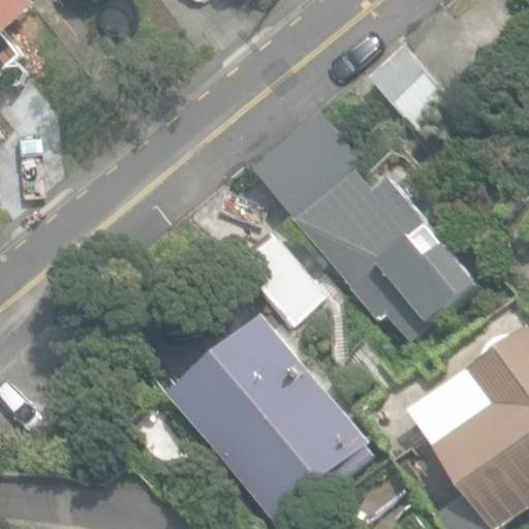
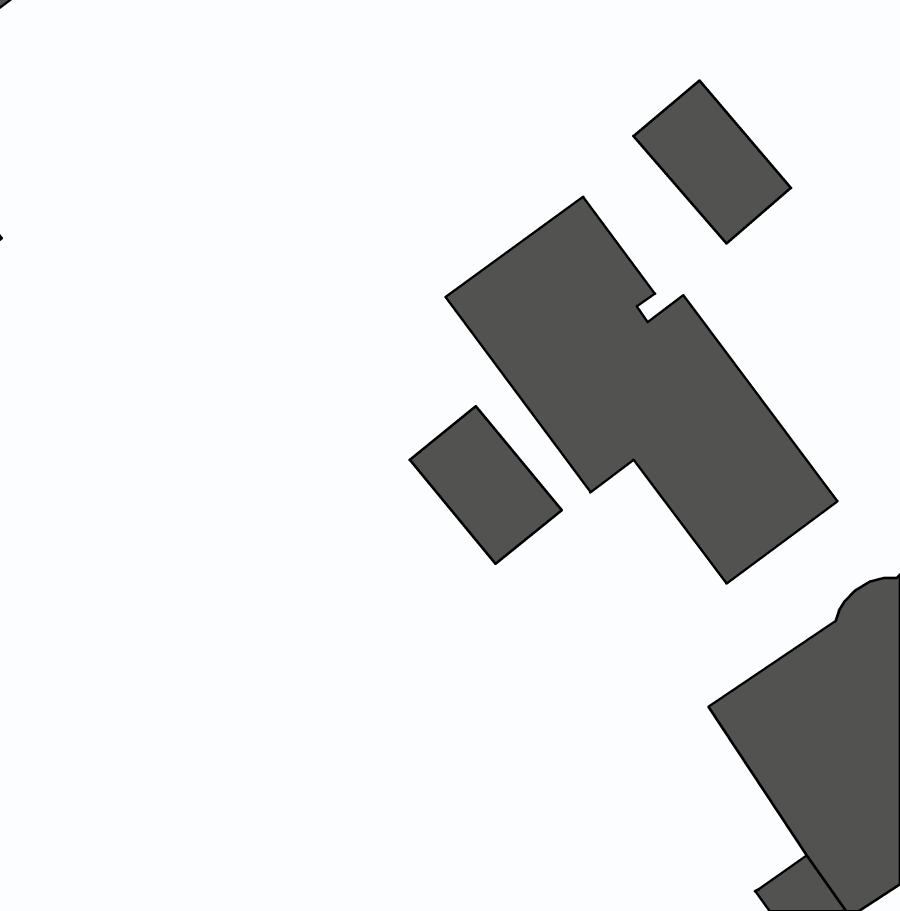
building: [172,318,371,520] -> none

